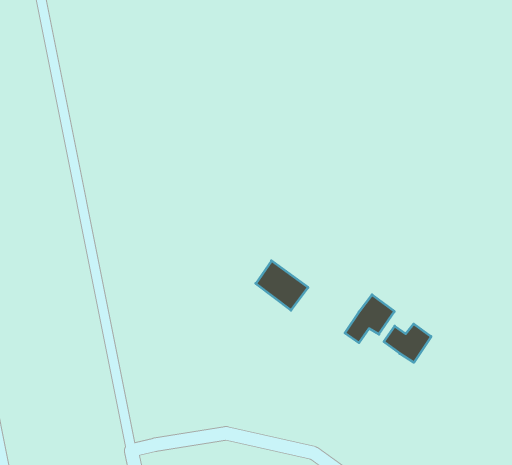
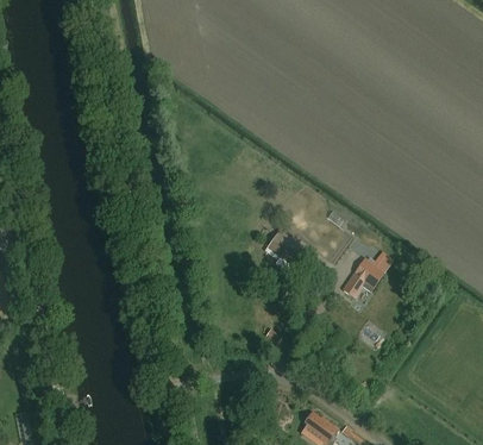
building: [384,324,431,362] -> none

